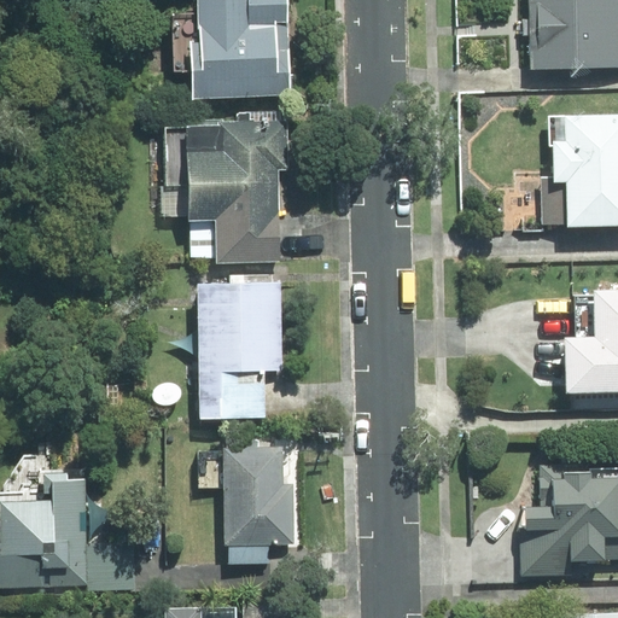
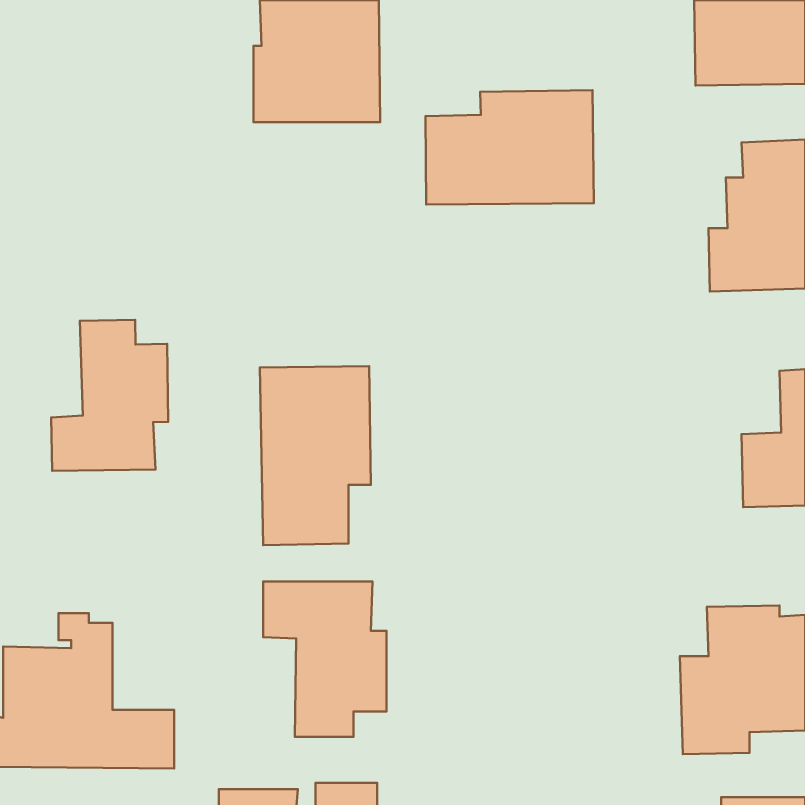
building: none -> [426,90,594,205]
building: [188,118,288,264] -> none
building: none -> [51,320,168,471]

